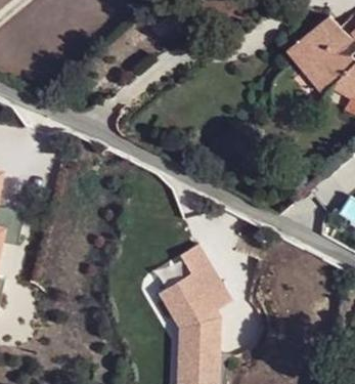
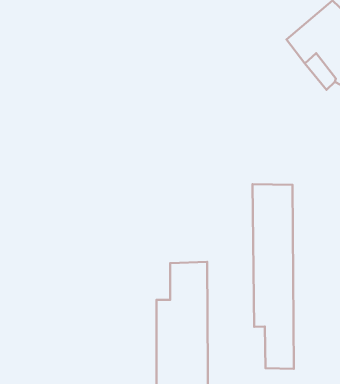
building: none -> [252,184,294,369]

